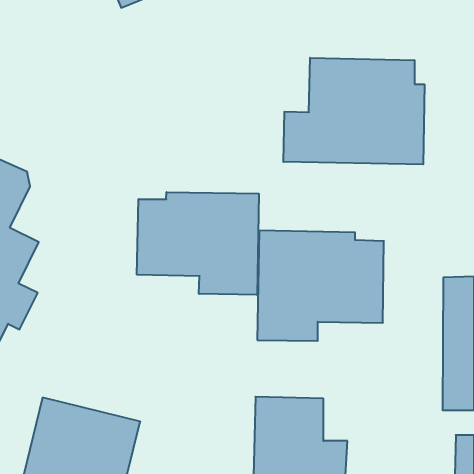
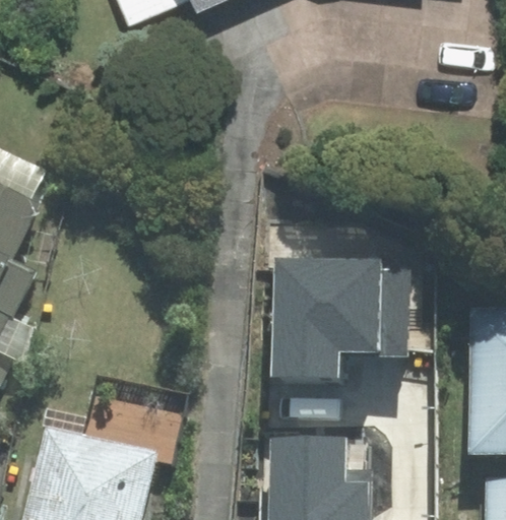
building: [283,58,424,164] -> none
building: [137,192,259,295] -> none

